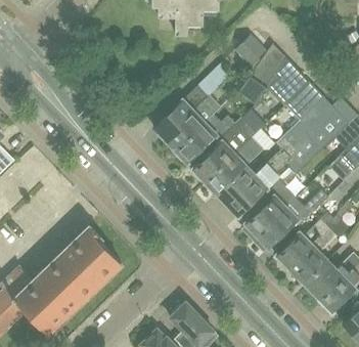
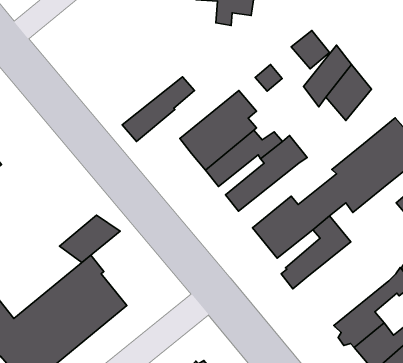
building: [284,77,323,121] -> none
building: [205,140,260,194] -> [122,77,194,141]
building: [253,192,326,252] -> none
building: none -> [60,215,120,262]
building: [276,215,333,267] -> none

